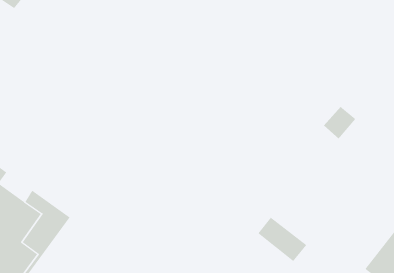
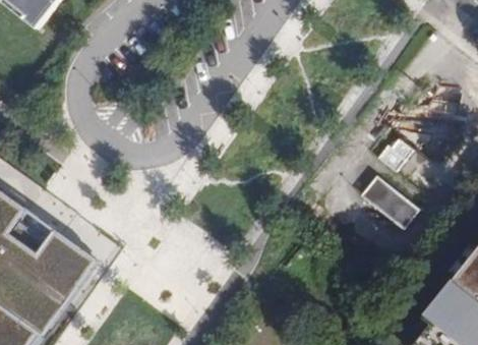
building: [258,217,307,262] -> [362,177,417,227]

